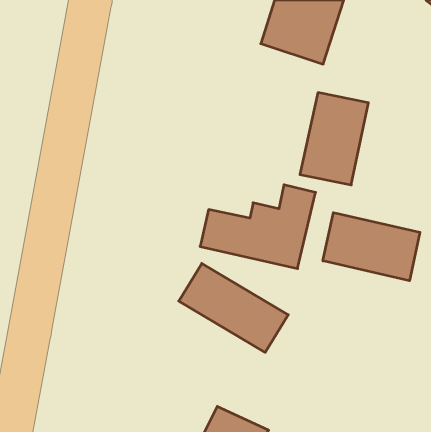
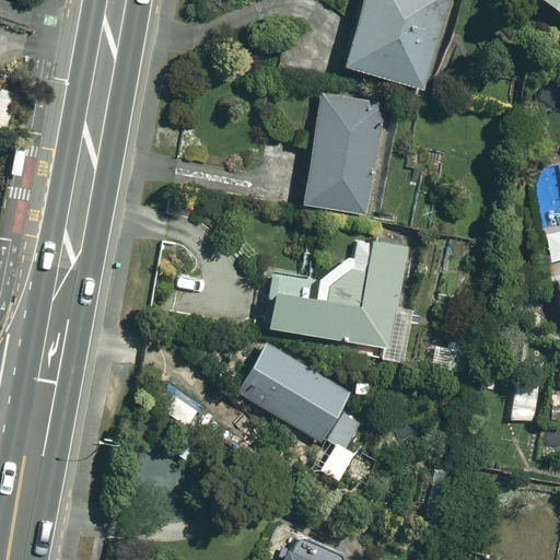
building: [300,93,368,185] -> [300,97,387,215]
building: [323,213,420,281] -> none

